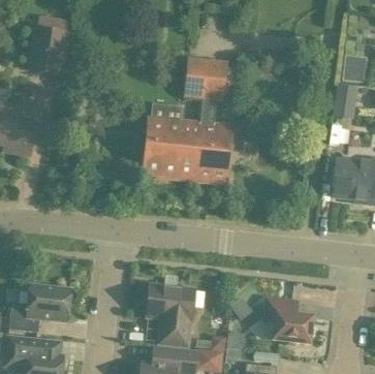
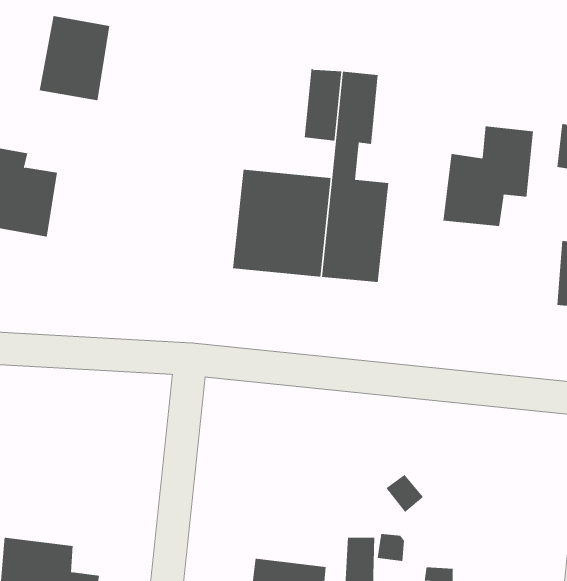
building: none -> [443,126,533,227]
building: [146,284,194,346] -> none
building: [8,285,69,332] -> none
building: [263,298,312,343] -> none

